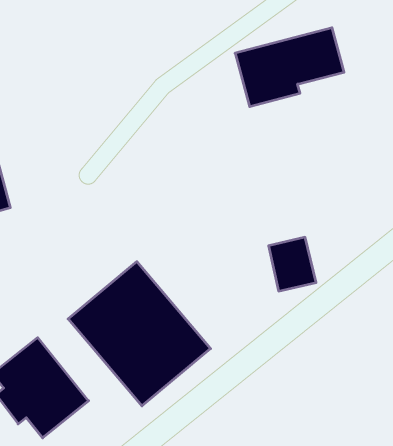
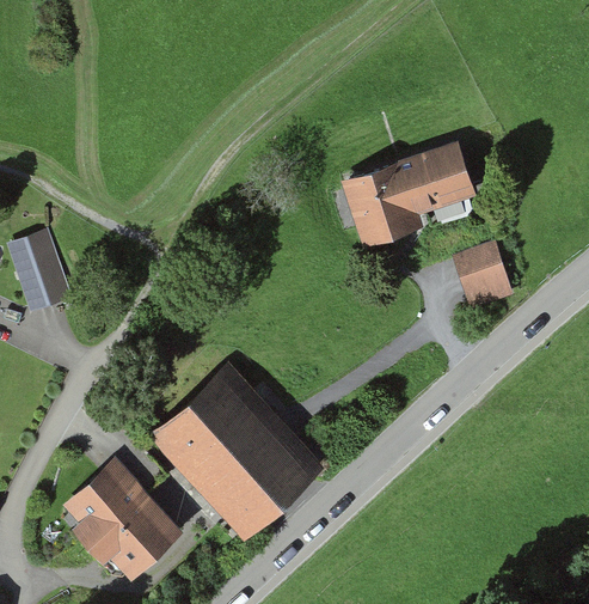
building: [235,28,344,107] -> [342,144,477,246]
building: [269,237,316,291] -> [454,244,515,312]

